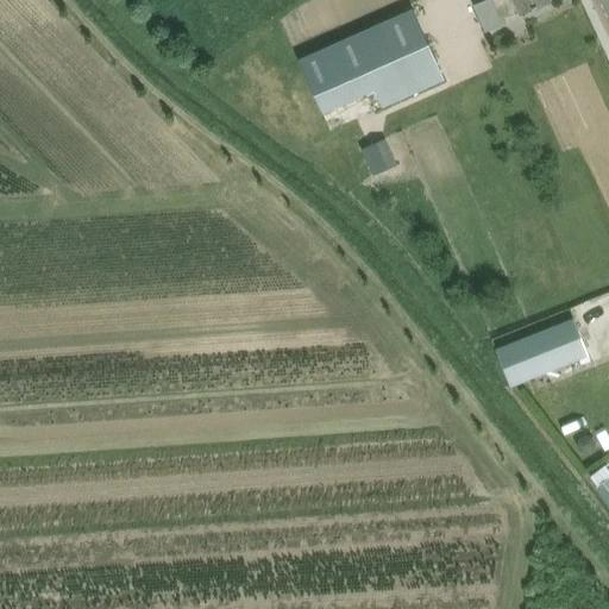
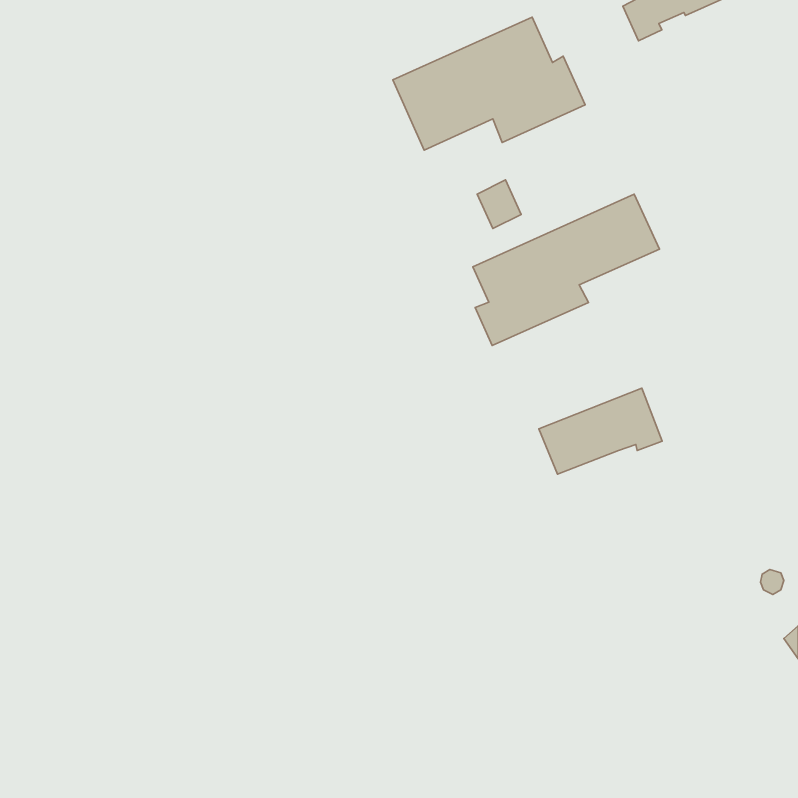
building: none -> [473,194,659,346]
building: [497,319,591,384] -> [539,388,662,474]

